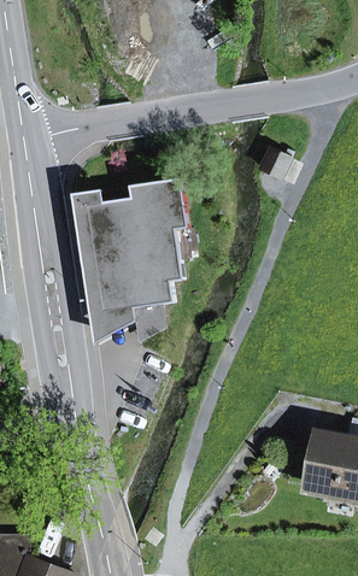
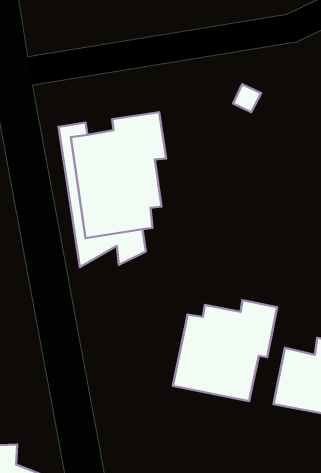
building: none -> [173,300,277,401]

